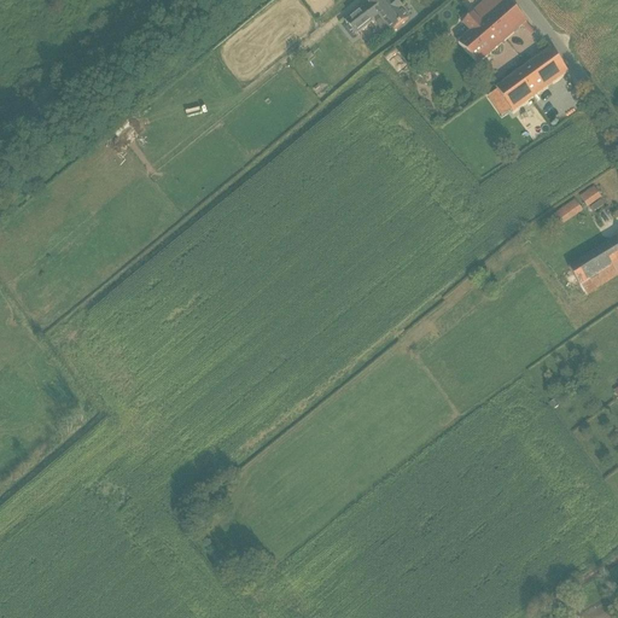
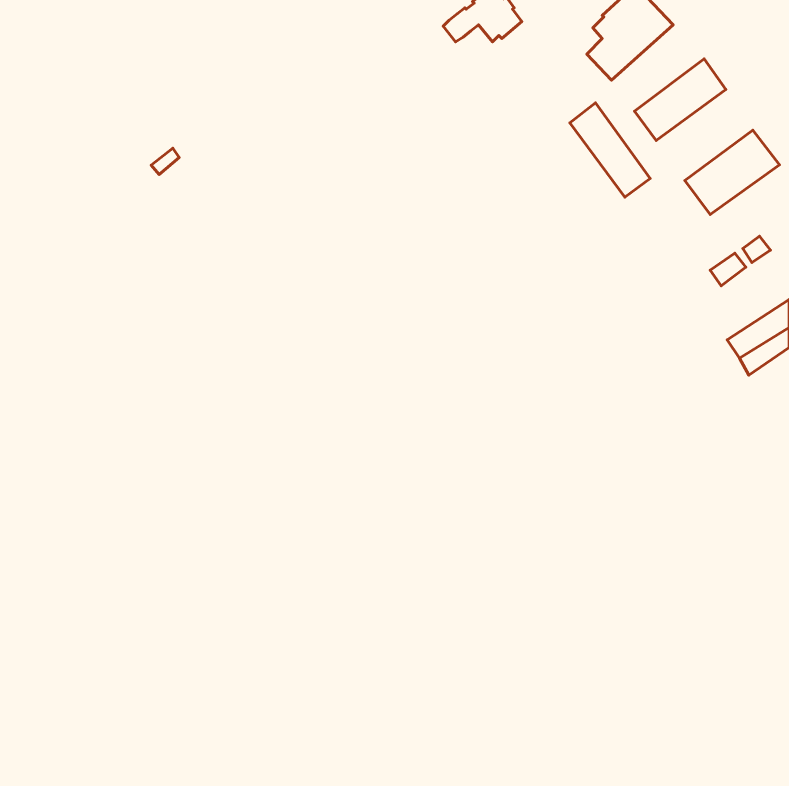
building: none -> [570,103,650,197]
building: none -> [685,130,779,214]

